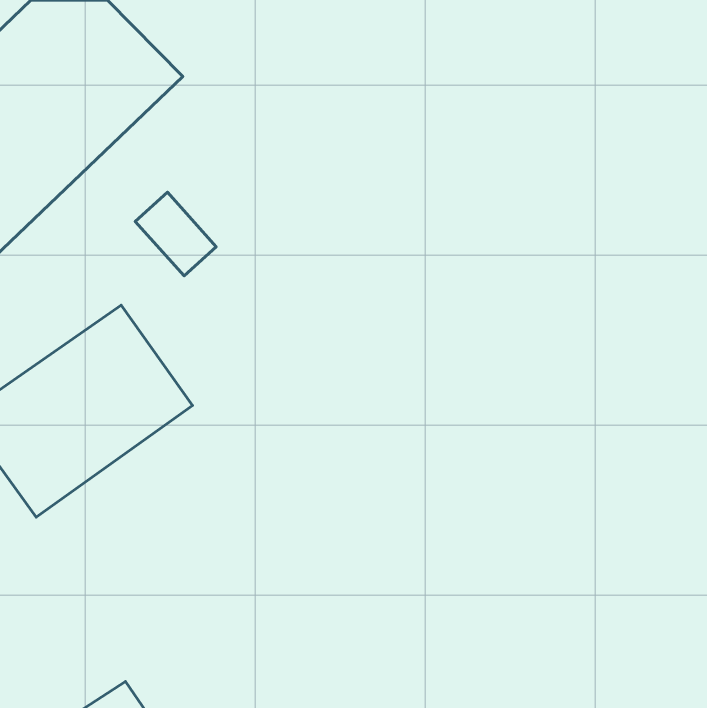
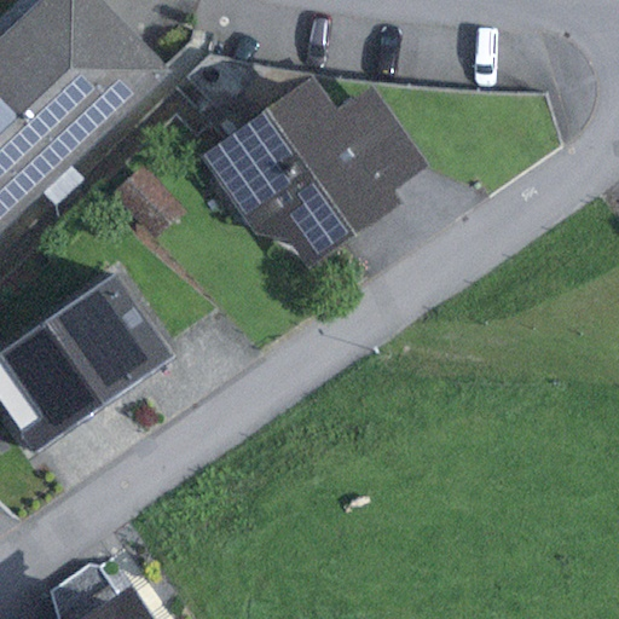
building: none -> [199,76,429,255]

